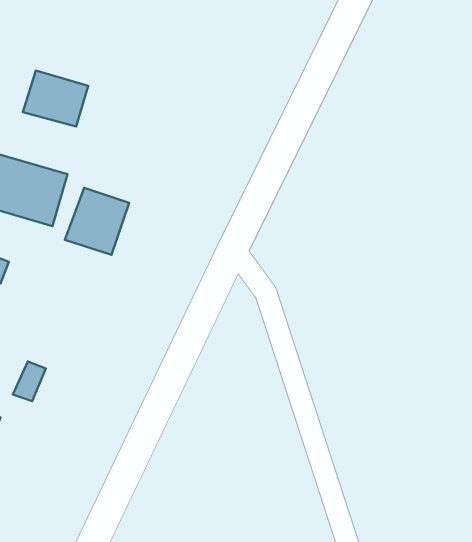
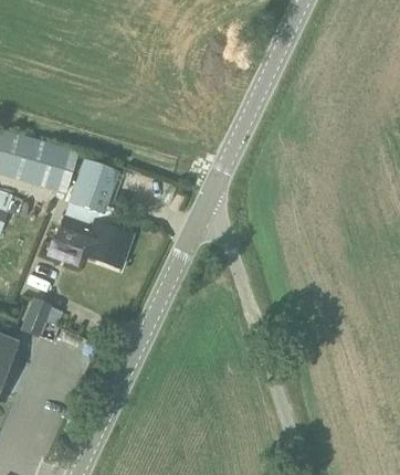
building: [23,71,88,127] -> none
building: none -> [57,215,133,266]

